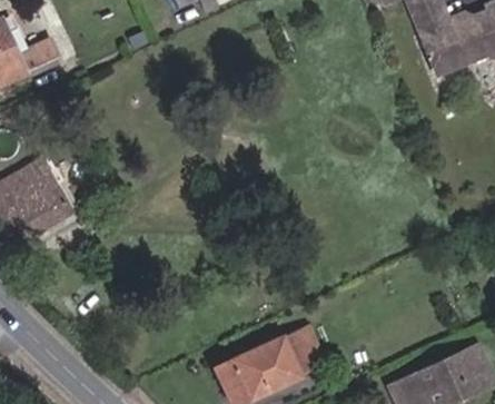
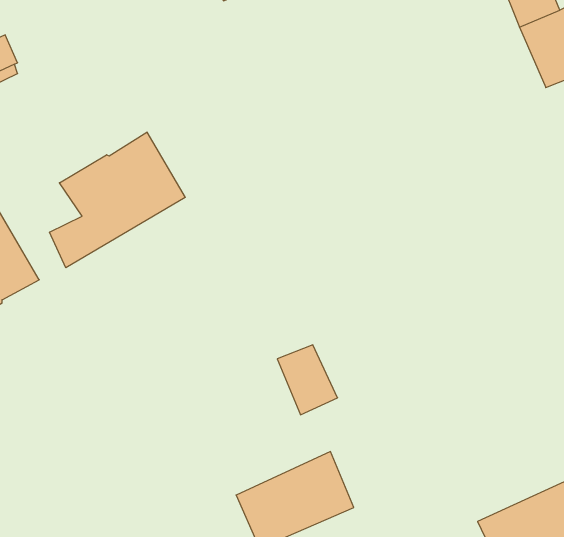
building: none -> [50,132,185,268]
building: [283,326,326,376] -> [277,345,338,415]

